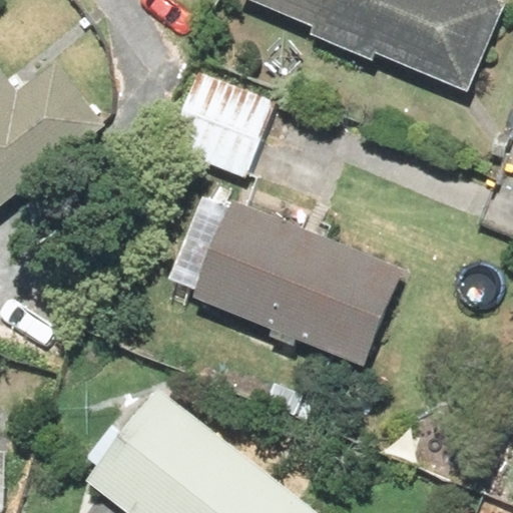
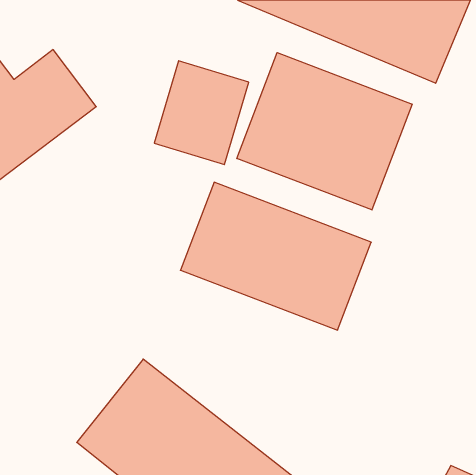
building: none -> [237,53,412,210]

